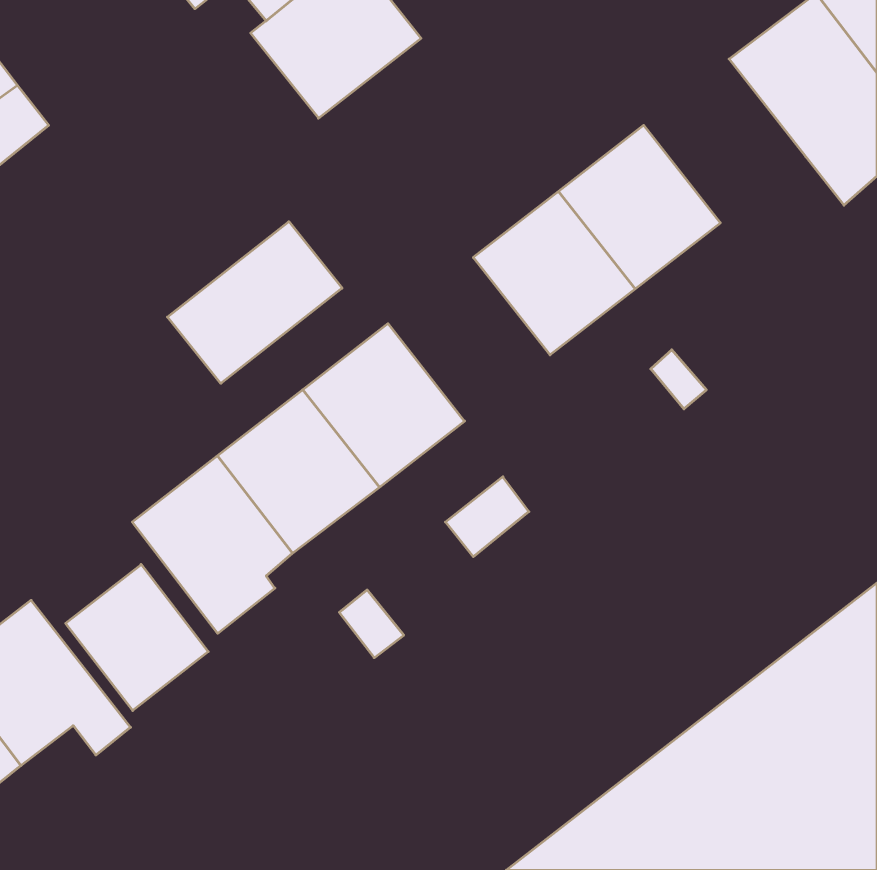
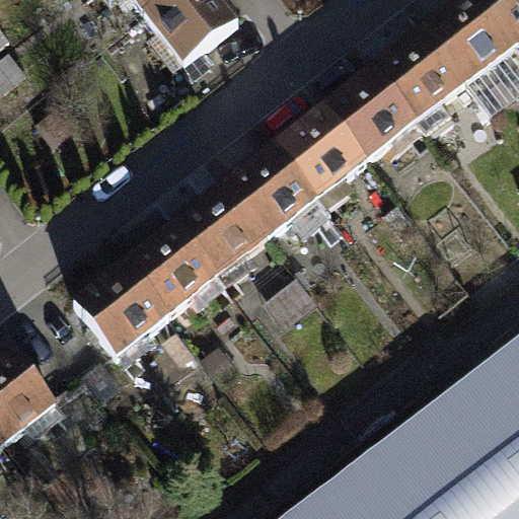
building: none -> [375,34,469,130]
building: [167,222,342,383] -> none
building: none -> [226,150,333,245]
building: [66,564,208,711] -> none

